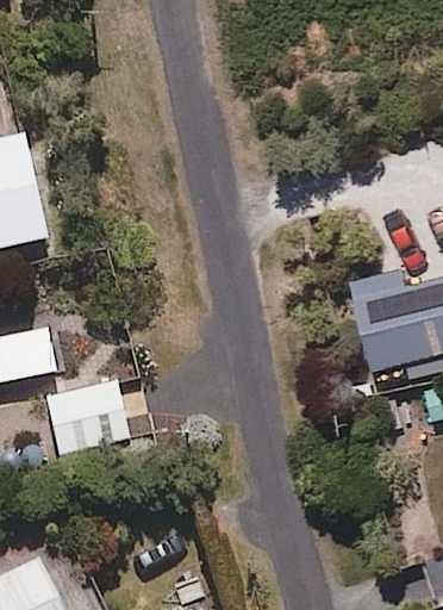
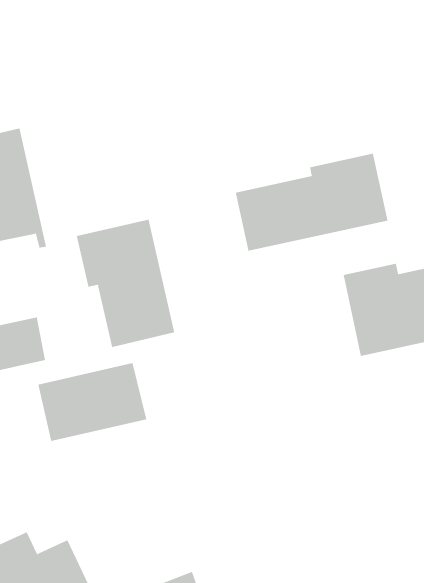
building: none -> [235,153,388,251]
building: none -> [76,219,175,348]

